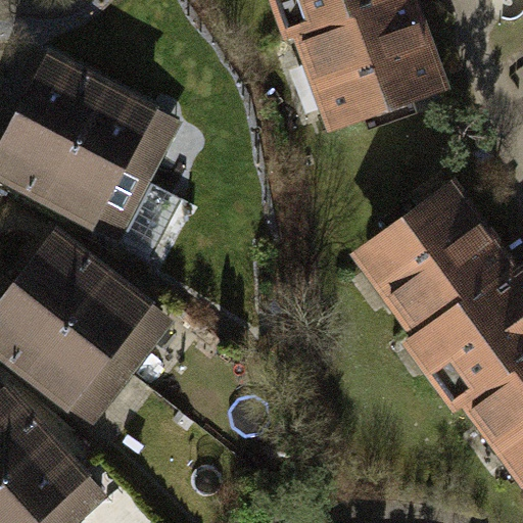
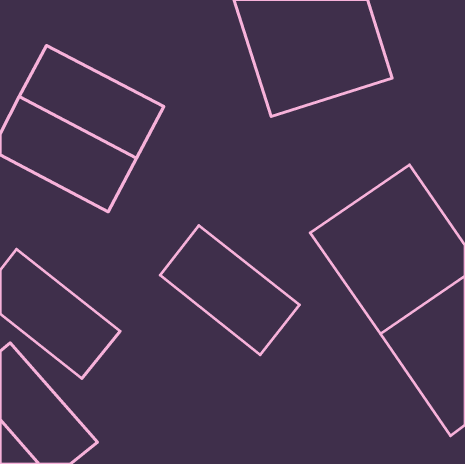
building: [18,229,176,372] -> none
building: none -> [160,225,300,355]

